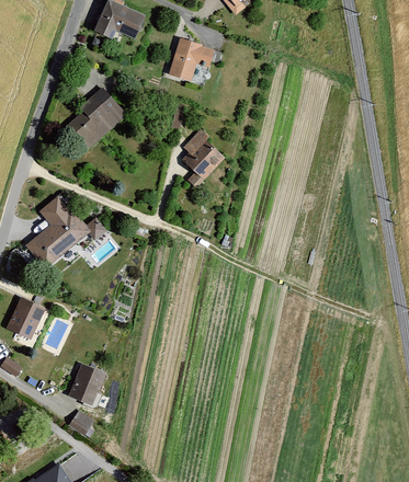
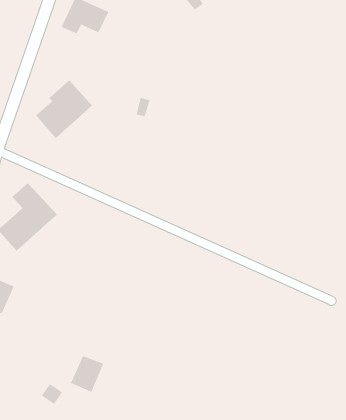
building: [169,37,214,81] -> none
building: [182,129,221,181] -> none
building: [68,364,104,403] -> [70,355,104,392]

